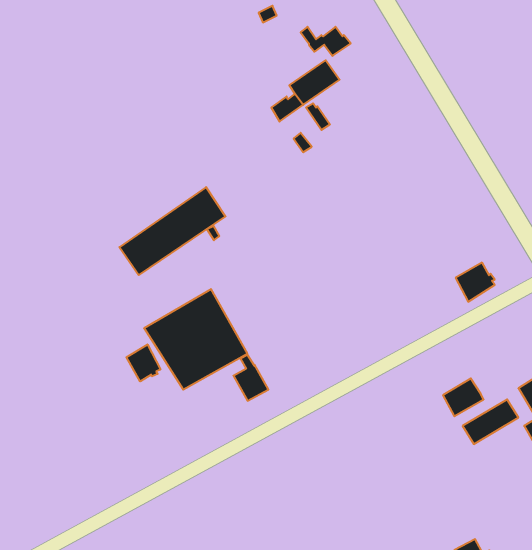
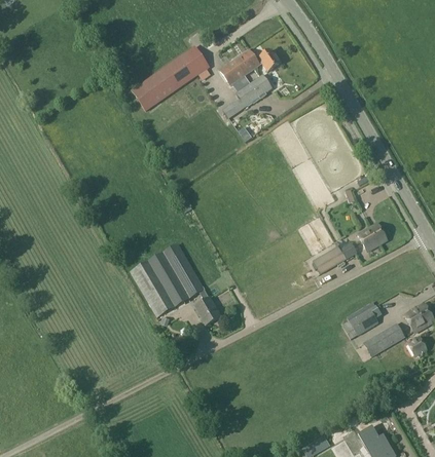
building: none -> [220,52,254,83]
building: [119,187,226,275] -> [131,45,209,110]
building: none -> [313,242,357,273]
building: [126,344,160,381] -> none

